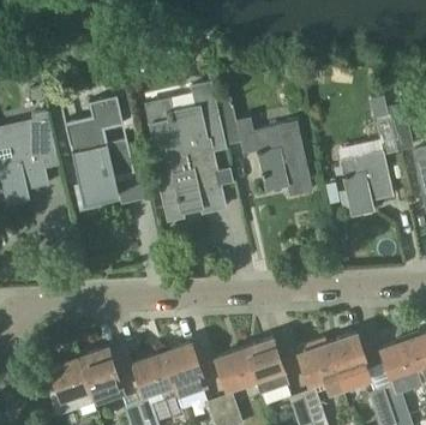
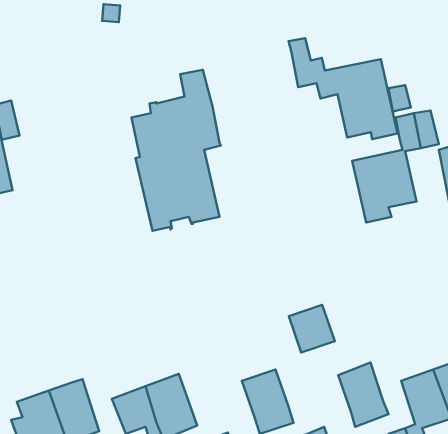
building: [62,97,134,204] -> none
building: [217,103,311,190] -> [288,38,397,139]
building: [299,345,338,385] -> [289,305,335,352]
building: [216,349,256,390] -> none

